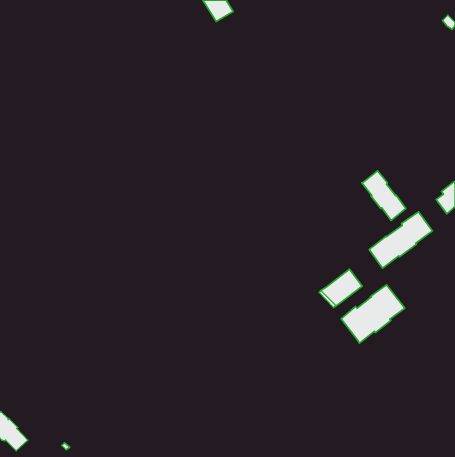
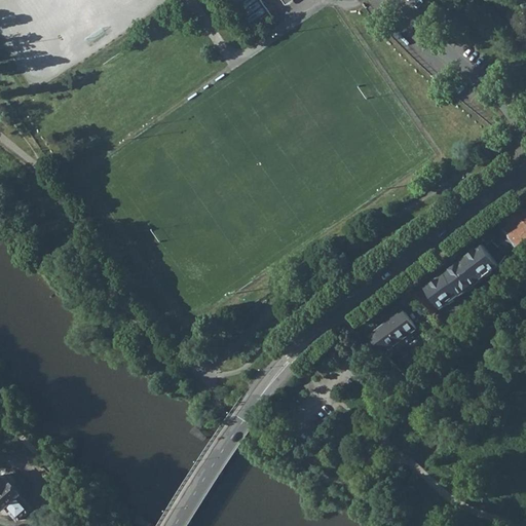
building: [362,171,406,220] -> none
building: [341,285,405,343] -> none

